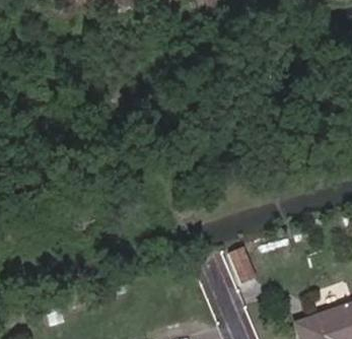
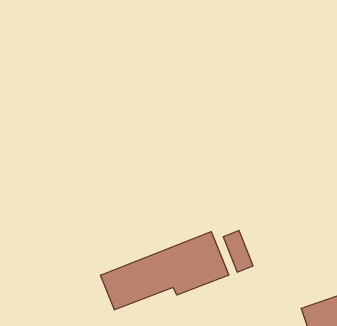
building: none -> [101,232,229,310]

